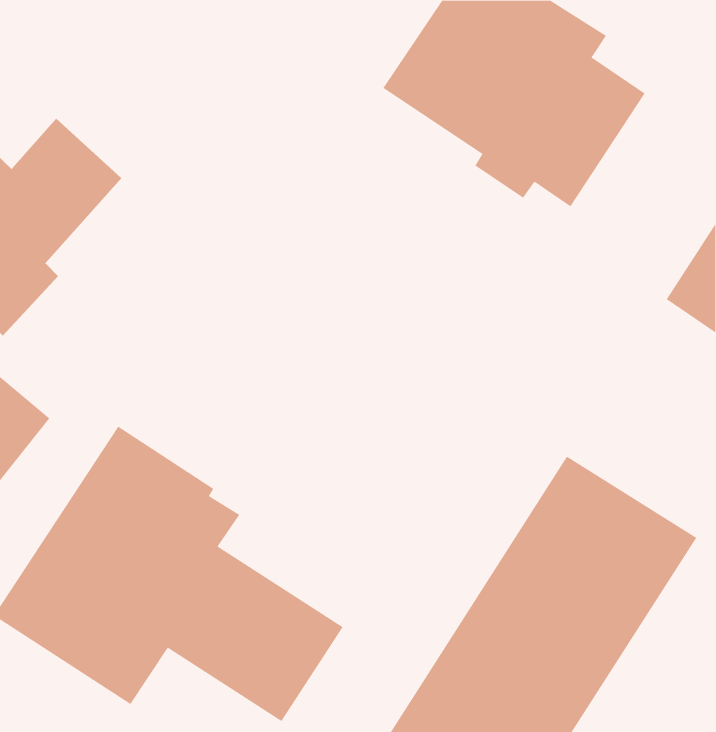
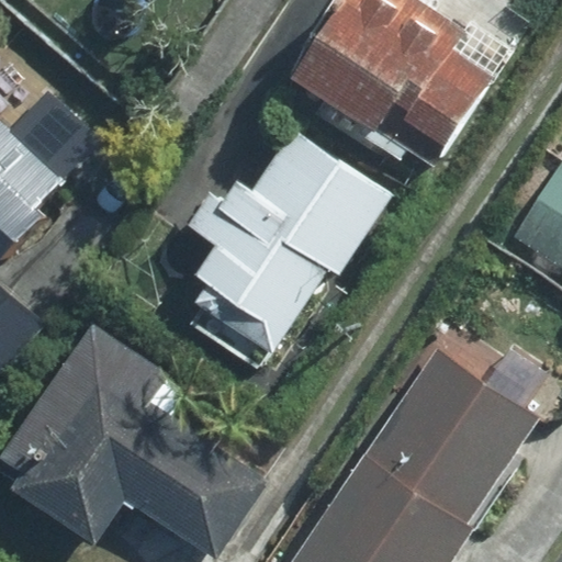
building: none -> [188,140,380,366]

